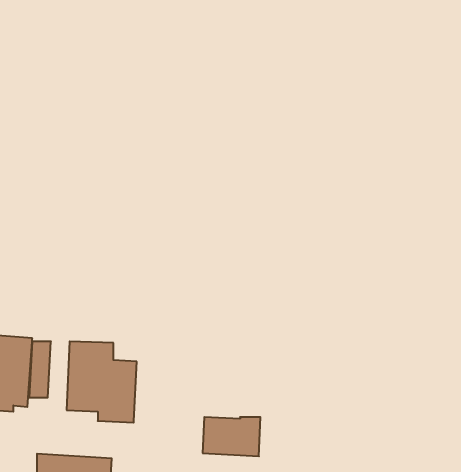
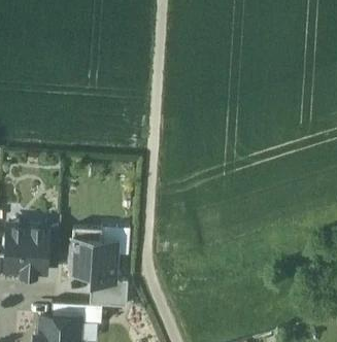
building: [203,417,260,456] -> [89,281,127,307]

